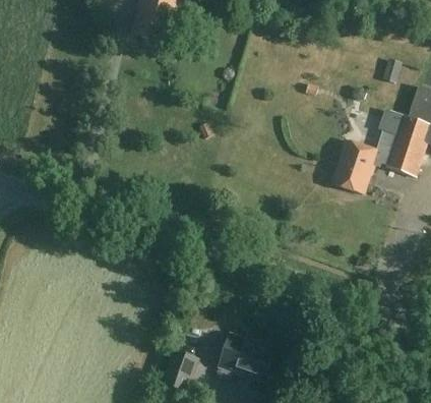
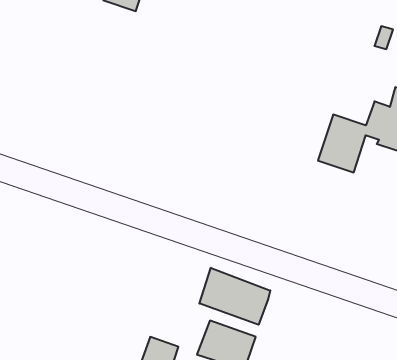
building: none -> [199,268,270,325]

